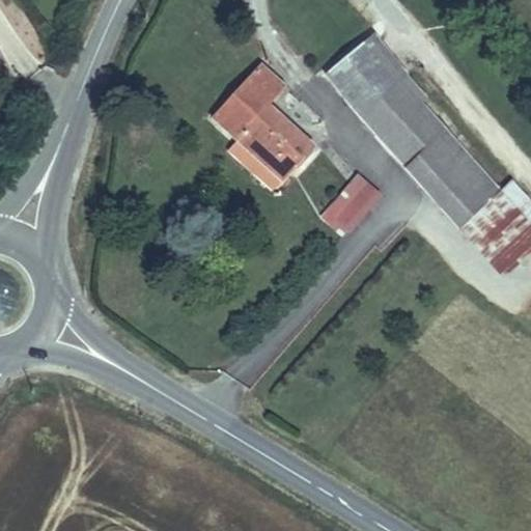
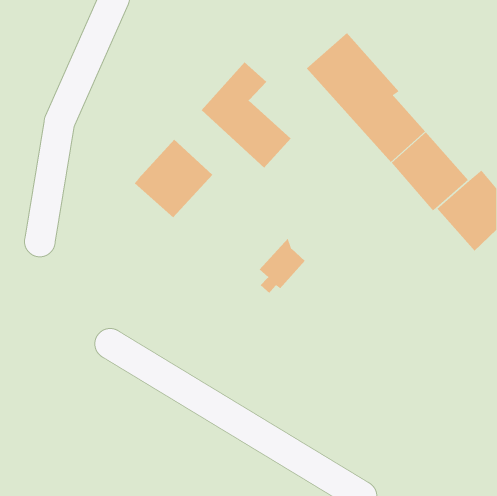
building: none -> [134,139,213,218]
building: [327,176,376,236] -> [259,237,306,294]

